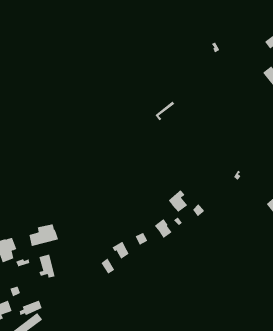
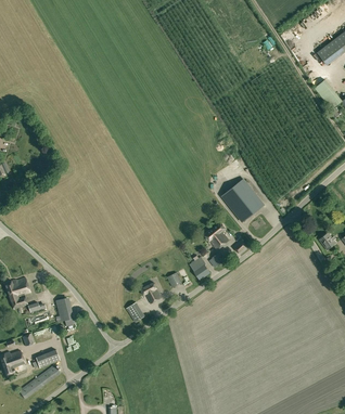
building: none -> [222,179,264,221]
building: [29,223,59,247] -> none

